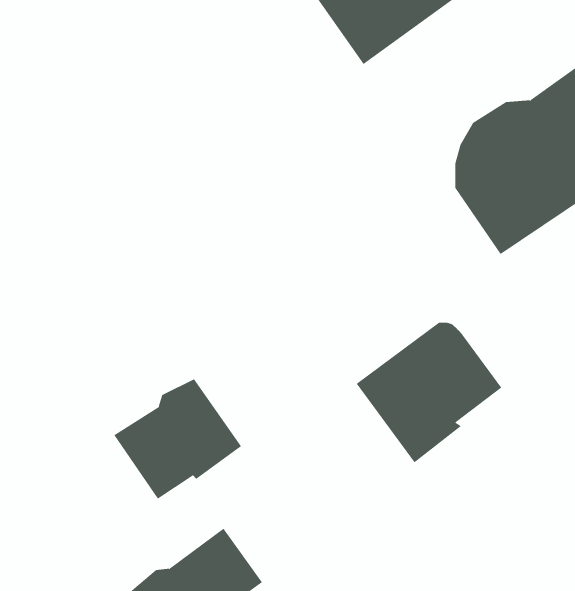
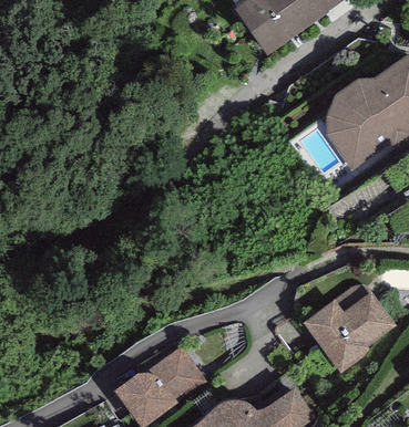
building: [356,322,502,463] -> [304,284,396,373]
building: [113,378,242,500] -> none

